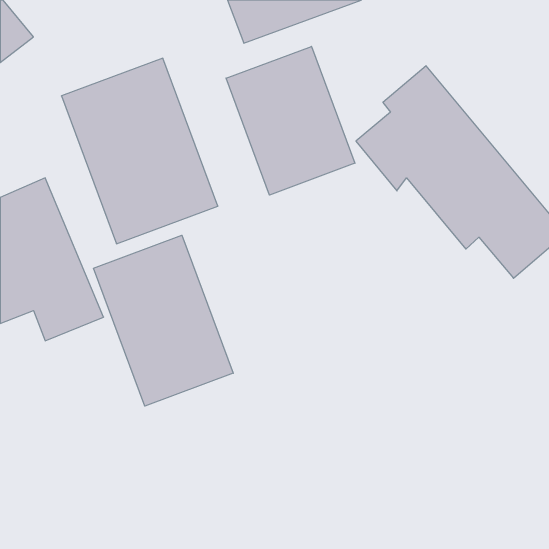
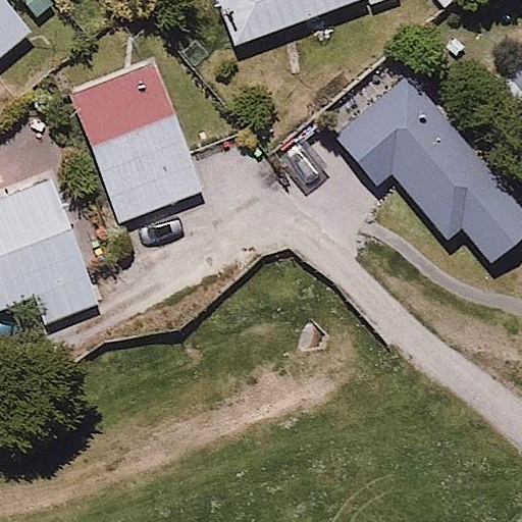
building: [226,46,355,195] -> none
building: [93,235,233,406] -> none

